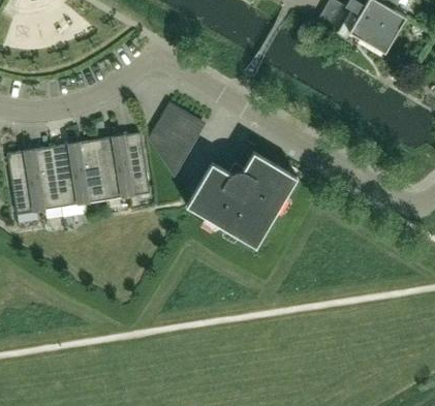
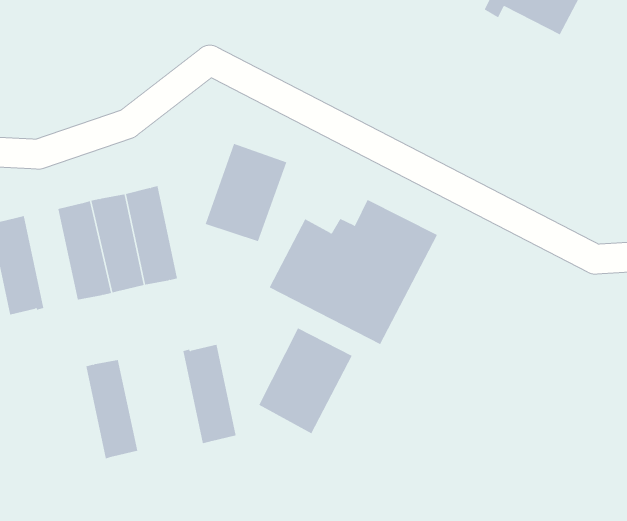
building: [118,132,150,196] -> [182,344,237,444]
building: [30,147,61,211] -> [85,360,138,459]
building: none -> [258,328,352,434]

